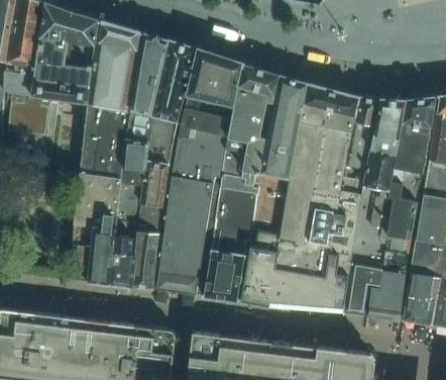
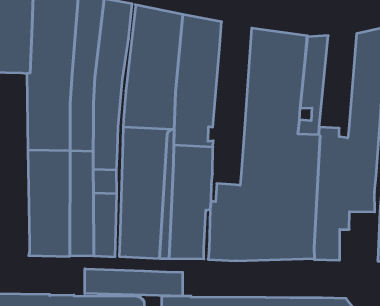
building: [252,76,306,233] -> none
building: [361,99,407,191] -> none
building: [367,270,406,319] -> none
building: none -> [85,269,183,296]

